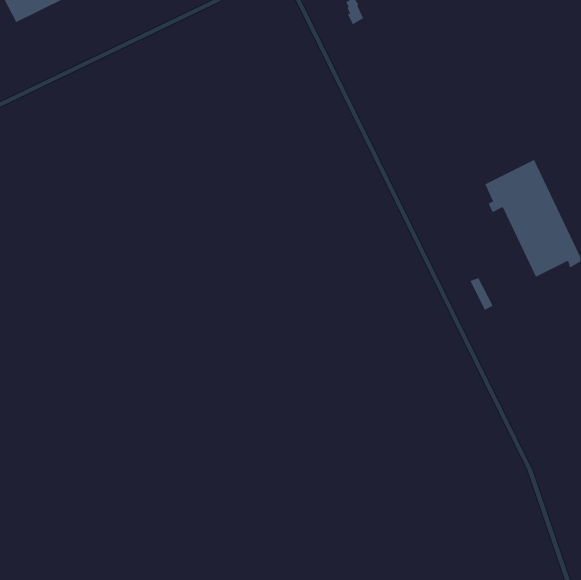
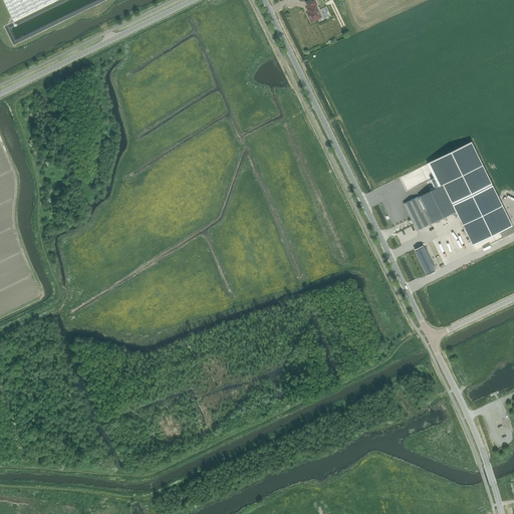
building: none -> [404,184,456,230]

